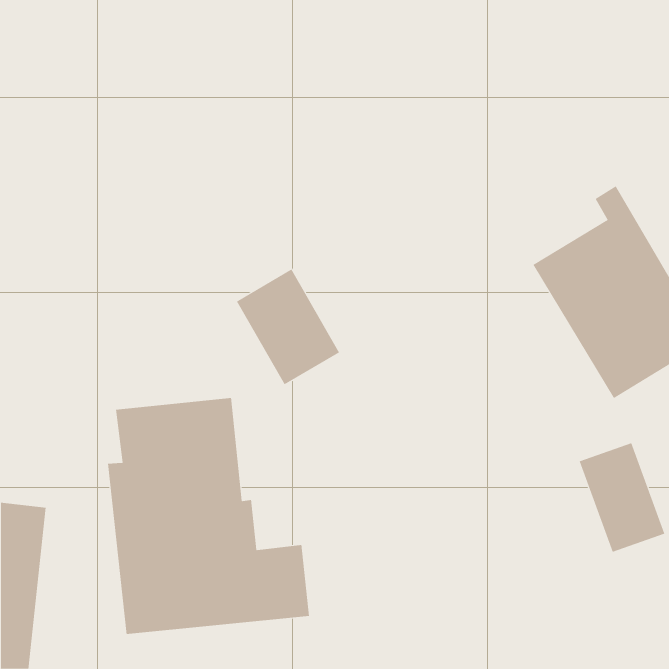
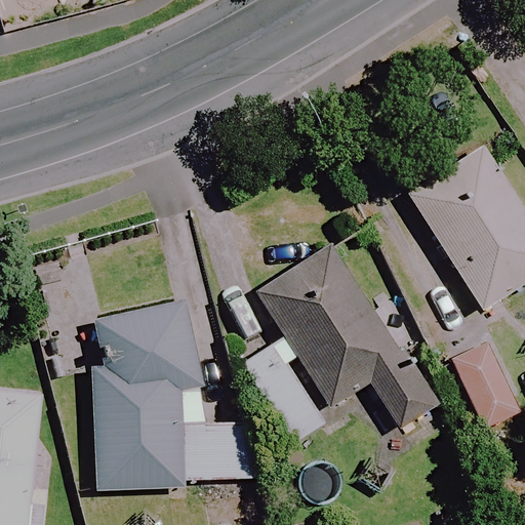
building: [236,269,340,385] -> none
building: none -> [244,243,437,443]

